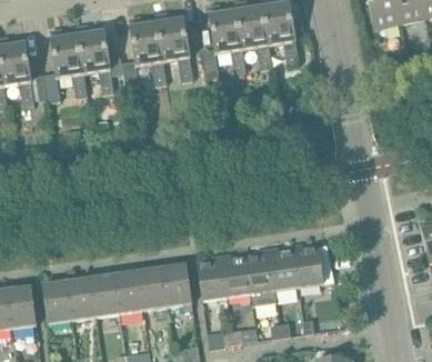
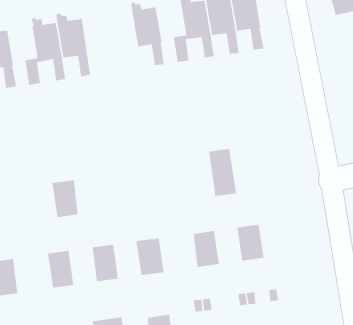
building: [121,17,167,90] -> none
building: [293,247,323,286] -> none
building: [245,253,277,305] -> [208,148,237,197]
building: [197,260,227,300] -> none
building: [138,268,167,309] -> none
building: [90,274,119,315] -> [52,180,79,218]
building: [42,281,72,322] -> none

